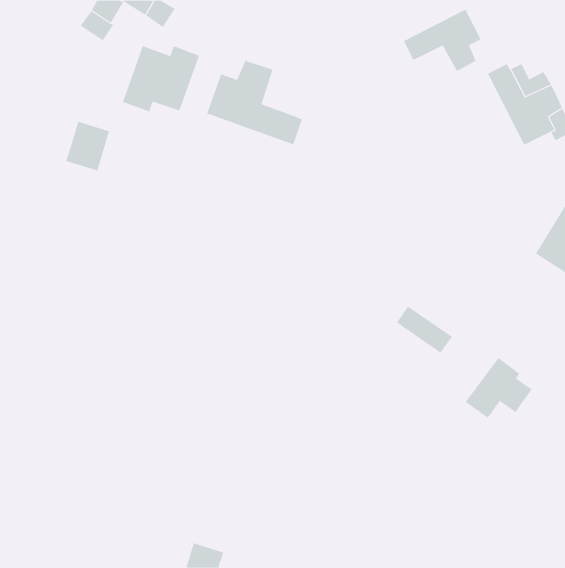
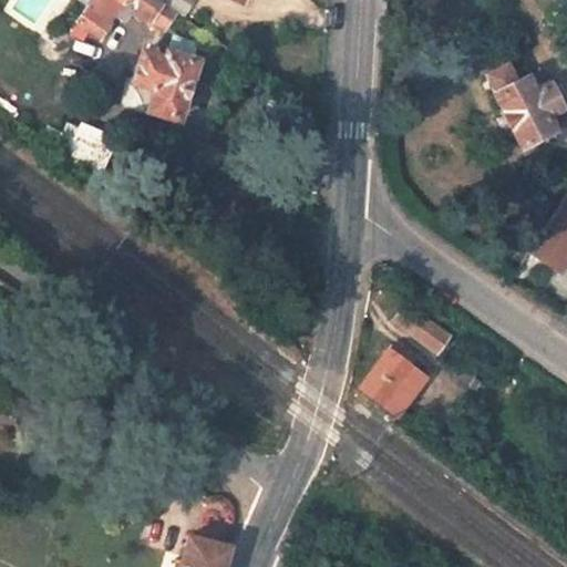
building: [403,9,481,72] -> none
building: [206,60,303,145] -> none
building: [465,357,533,418] -> [360,349,427,410]

